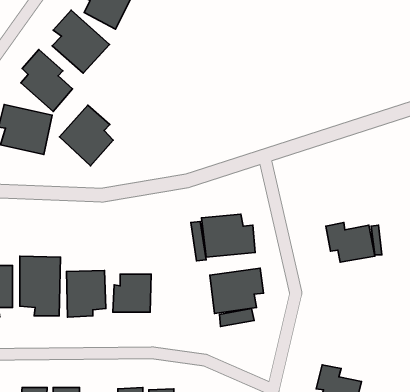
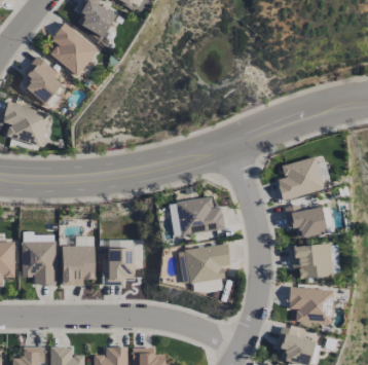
building: [59,105,113,166] -> none
building: none -> [278,157,324,199]
building: none -> [291,245,332,279]
building: none -> [289,288,334,324]

